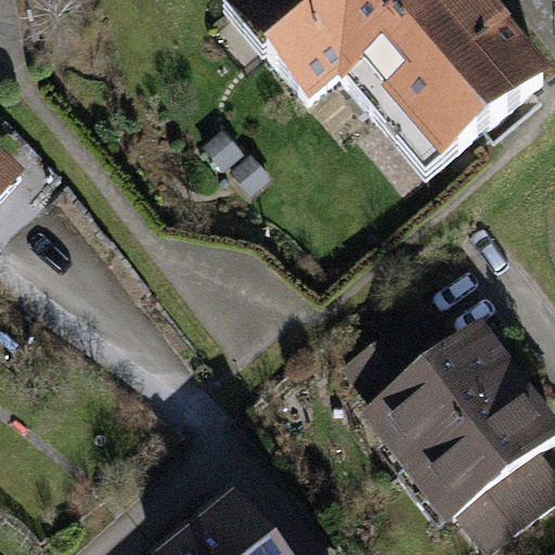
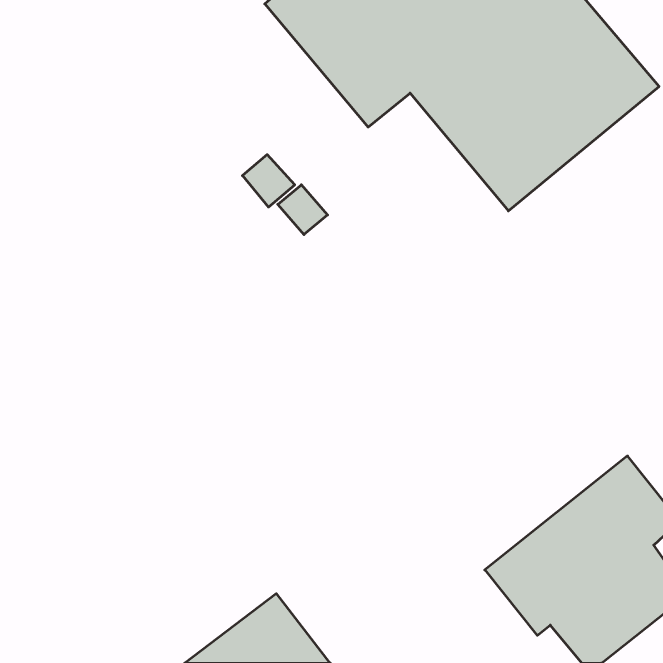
building: [345,306,525,472] -> none

